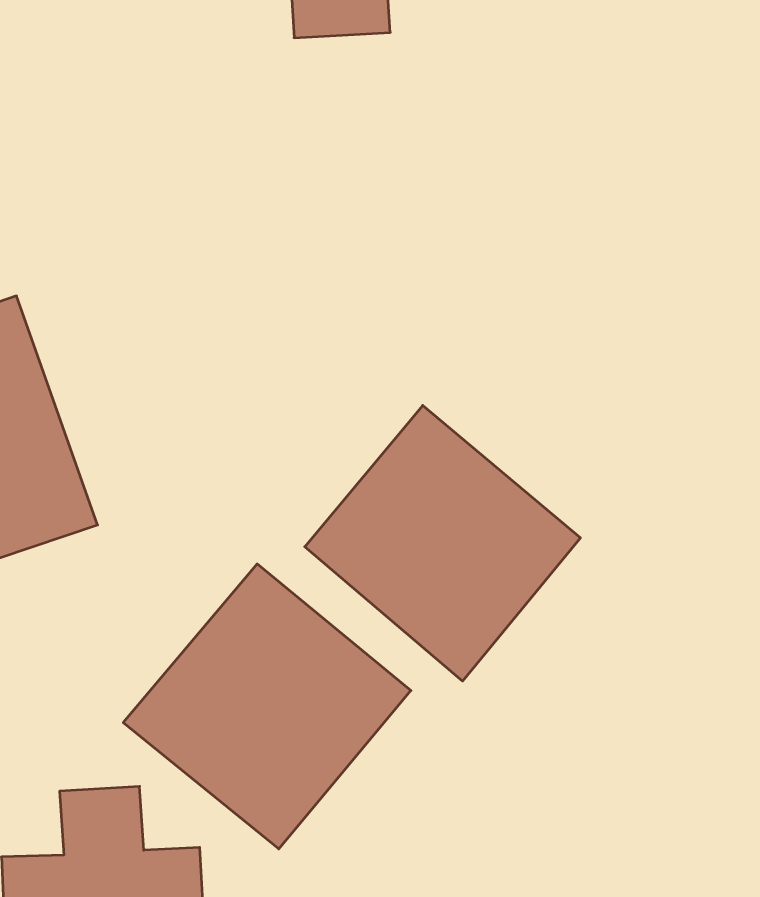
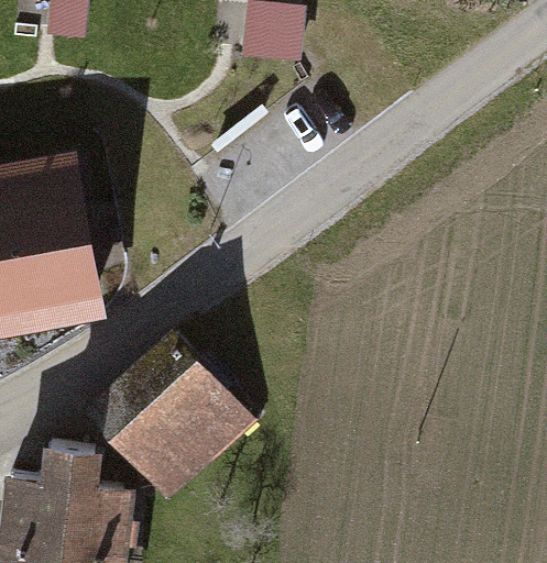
building: [305,405,580,681] -> none

